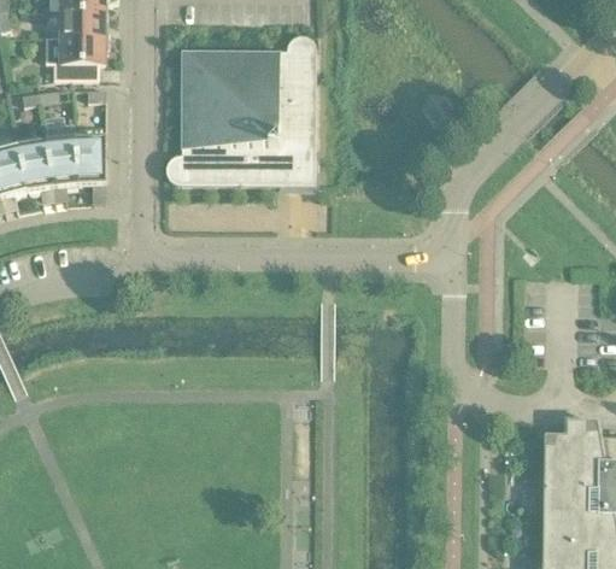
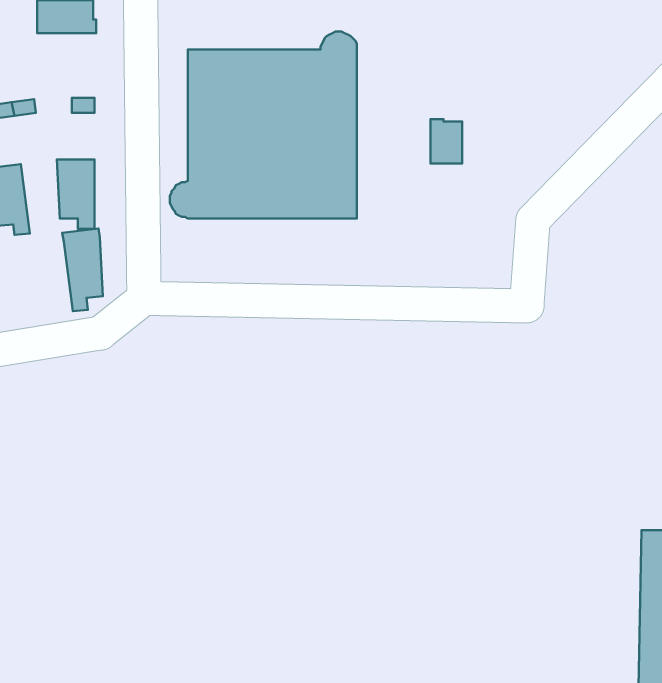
building: [46,37,107,81] -> none
building: none -> [430,119,462,164]
building: [46,131,78,198] -> [62,228,103,311]

